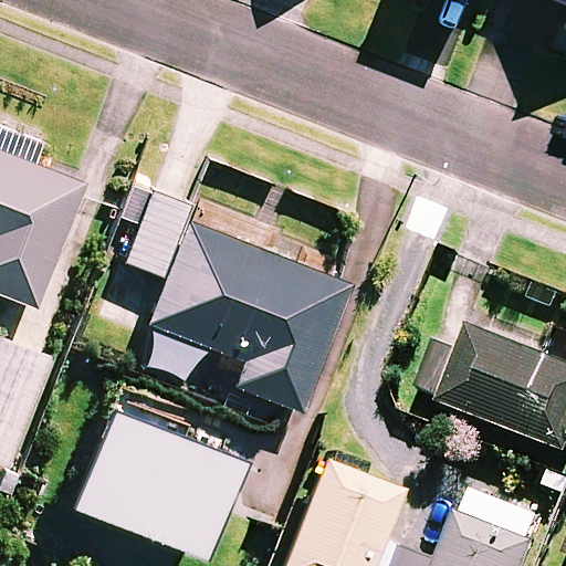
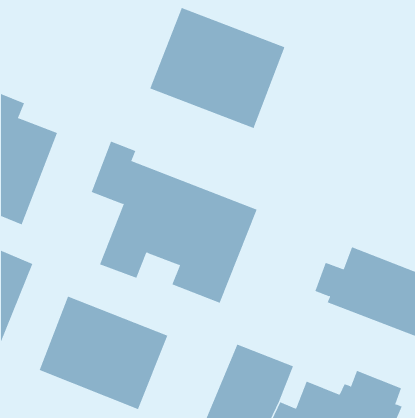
building: none -> [150,7,285,129]

